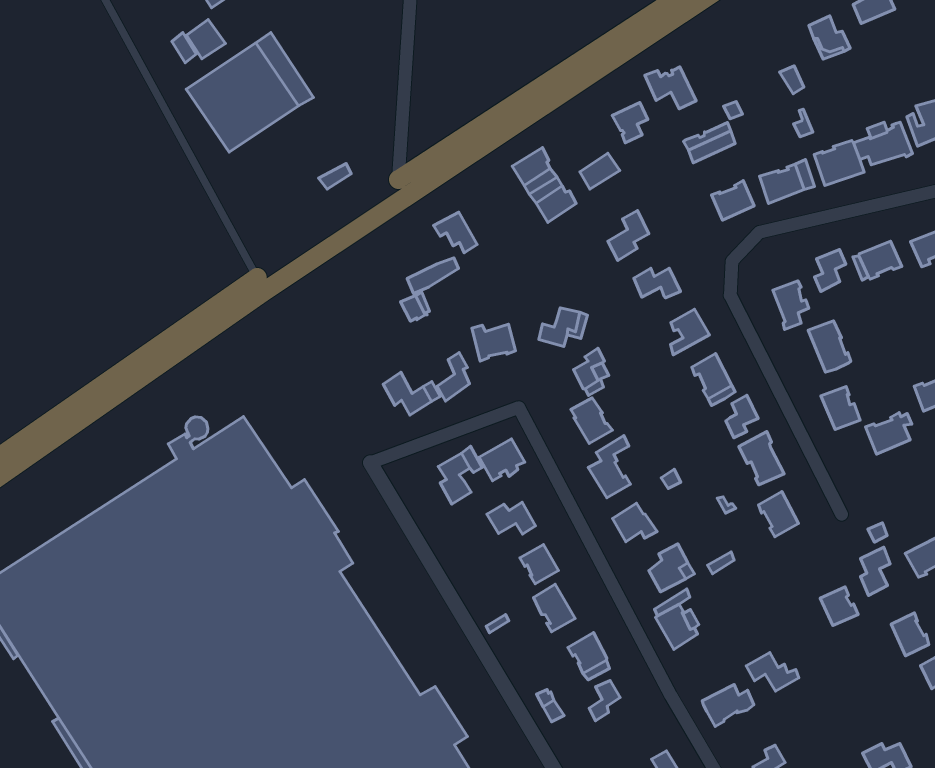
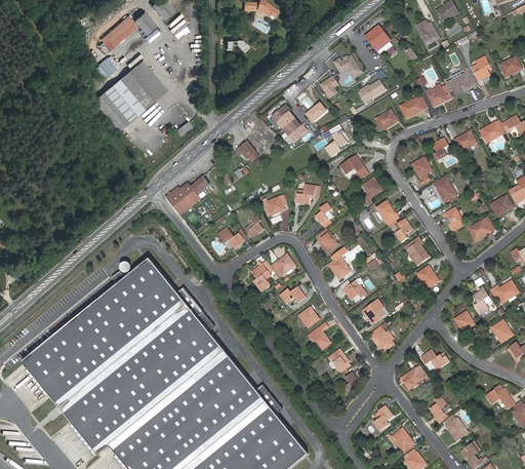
building: none -> [365,26,392,53]
building: none -> [167,175,209,214]

